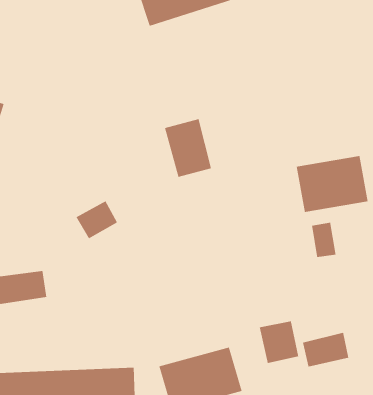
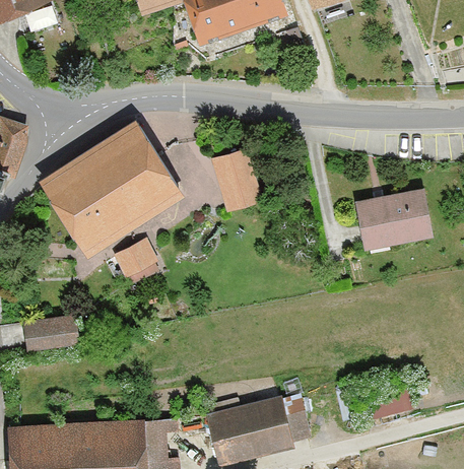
building: none -> [34,117,183,259]
building: [311,222,336,258] -> none
building: [259,320,299,364] -> none

